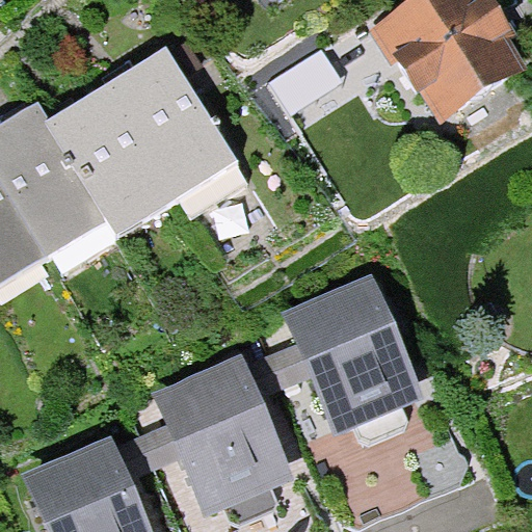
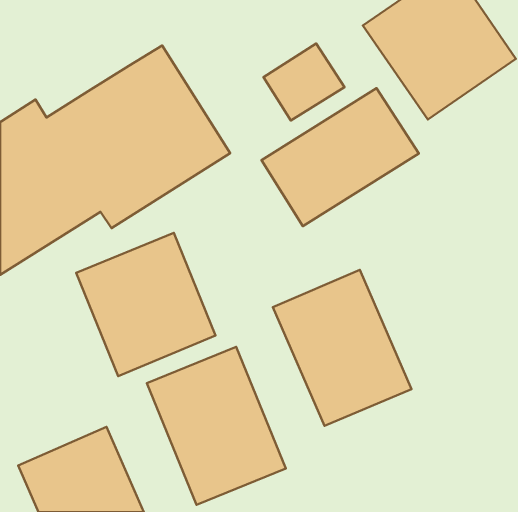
building: none -> [261,88,419,226]
building: none -> [76,233,215,376]

